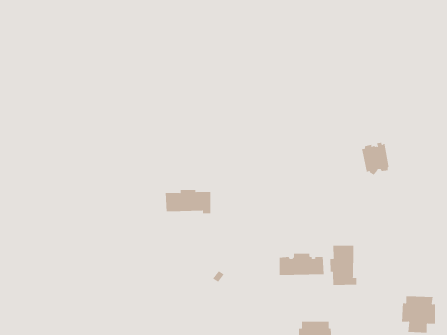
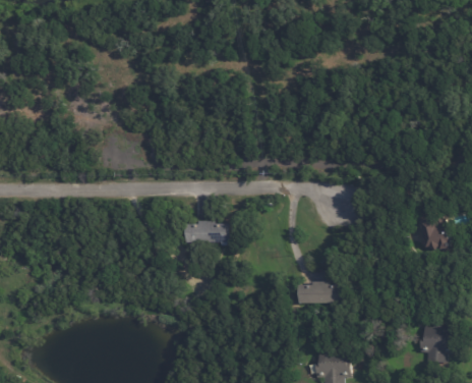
building: [361,142,389,176] -> [418,218,447,252]
building: [330,245,357,286] -> none

